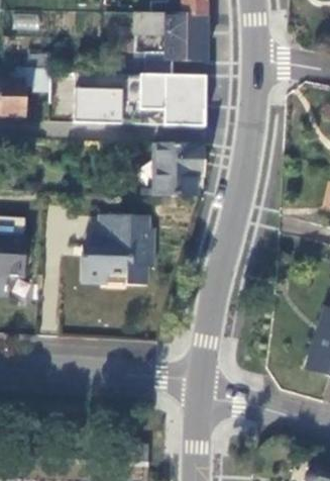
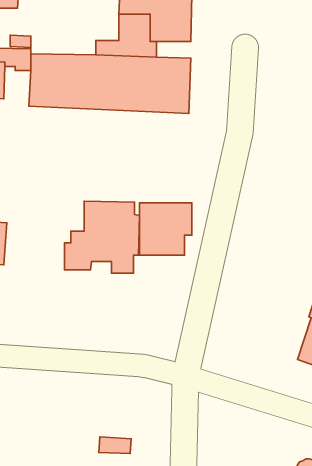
building: [154,146,205,196] -> [140,203,192,255]

